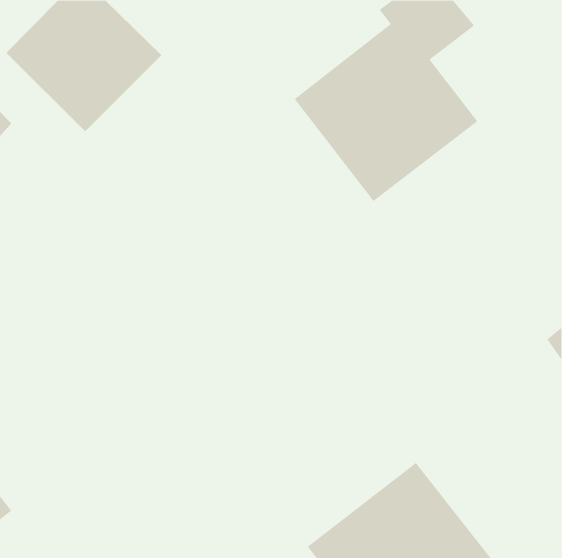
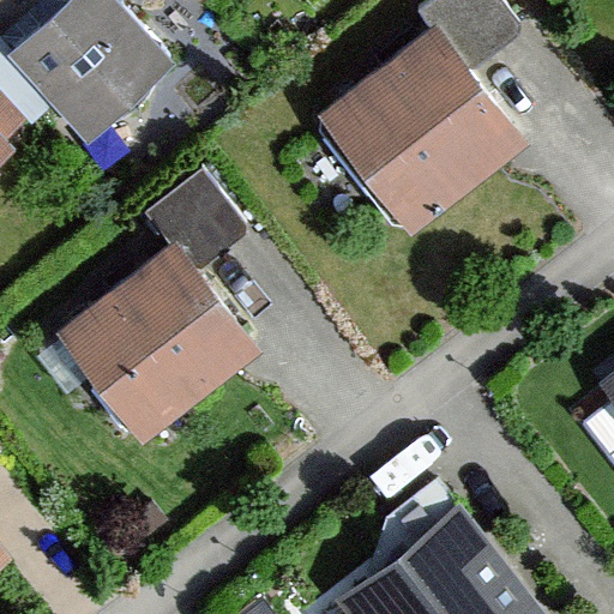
building: none -> [56,180,259,433]

